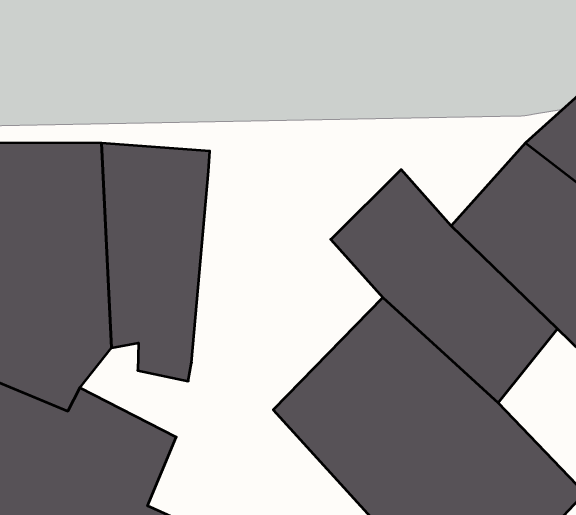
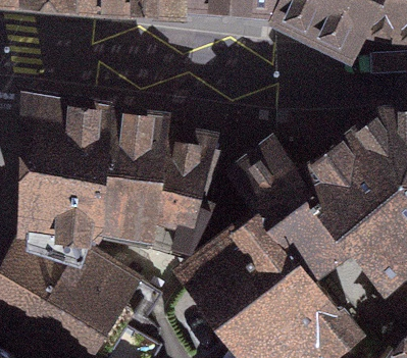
building: none -> [147,138,217,262]

